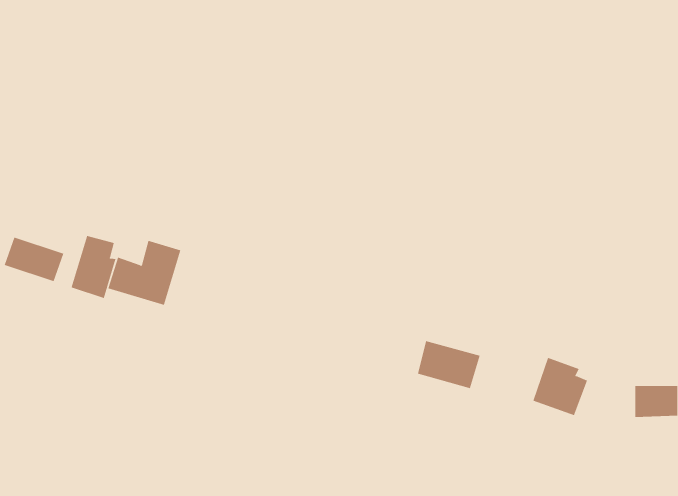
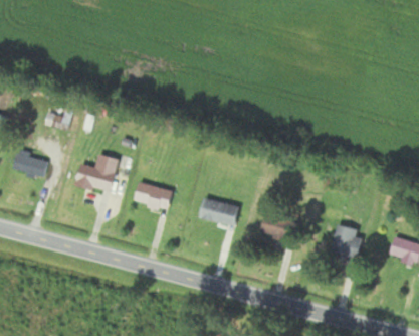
building: [71,235,116,299] -> none
building: none -> [133,182,172,211]
building: none -> [199,198,238,226]

